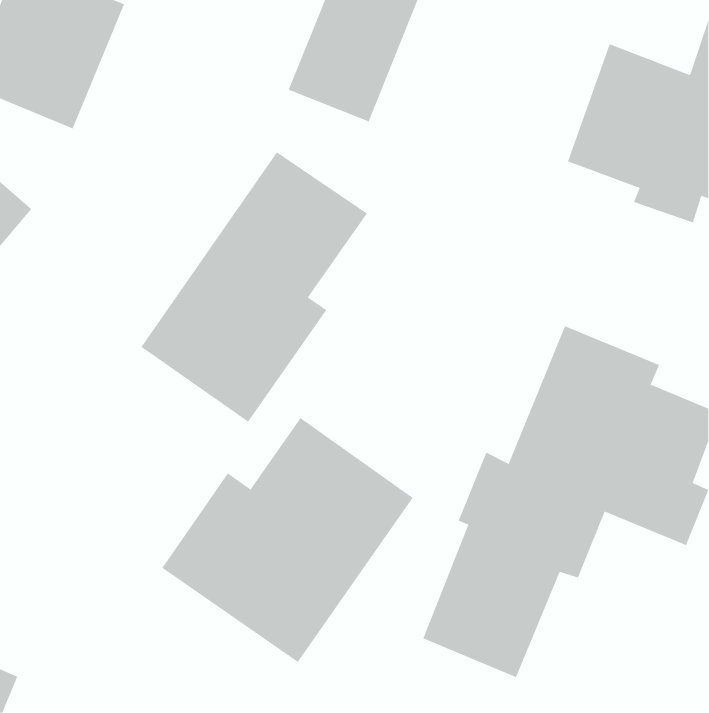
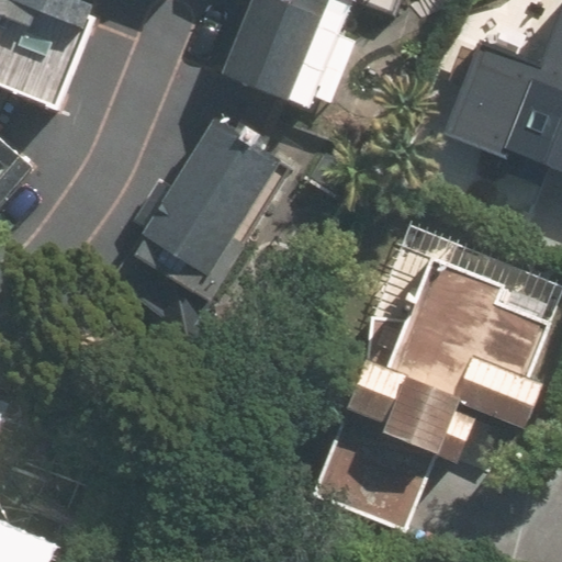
building: [161,417,413,663] -> none

